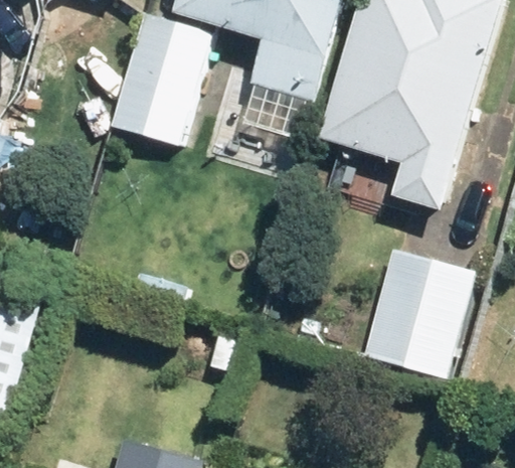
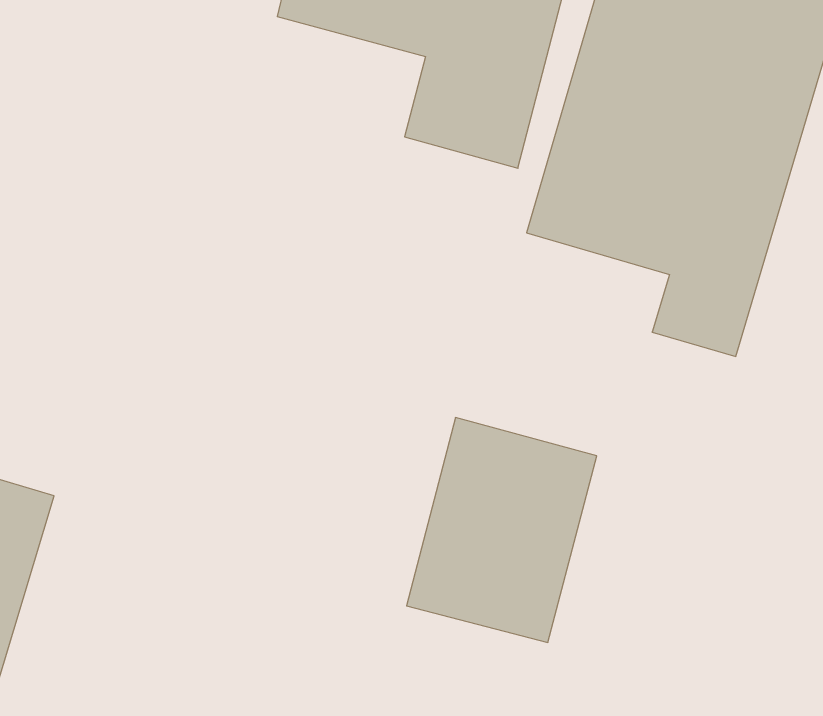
building: [108,17,210,149] -> none
building: [362,249,472,378] -> [407,418,597,642]

